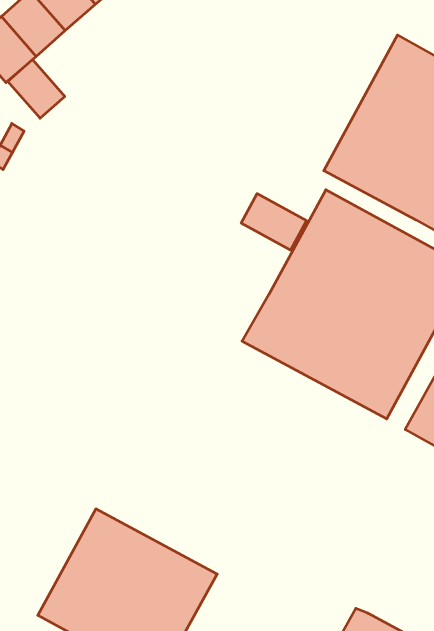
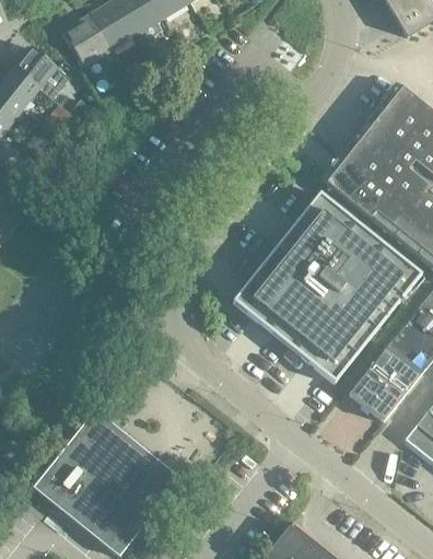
building: [8,60,65,118] -> none
building: [241,194,306,250] -> none

